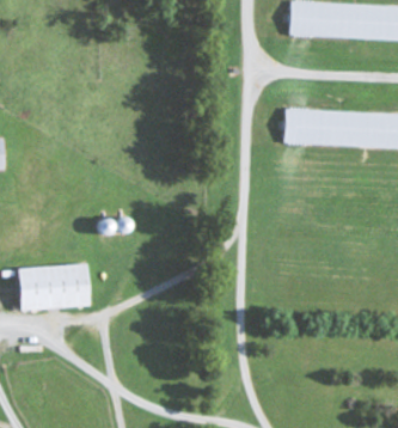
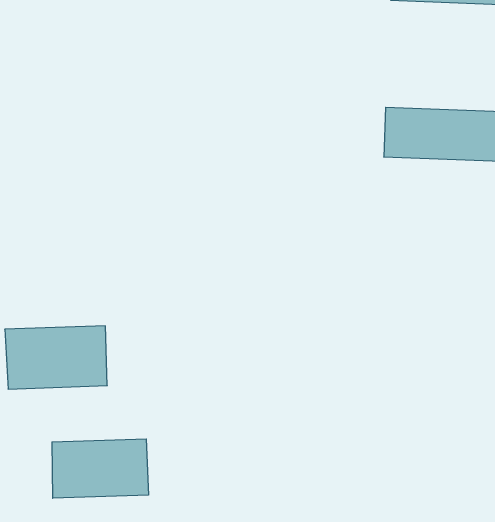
building: none -> [52,439,148,498]

